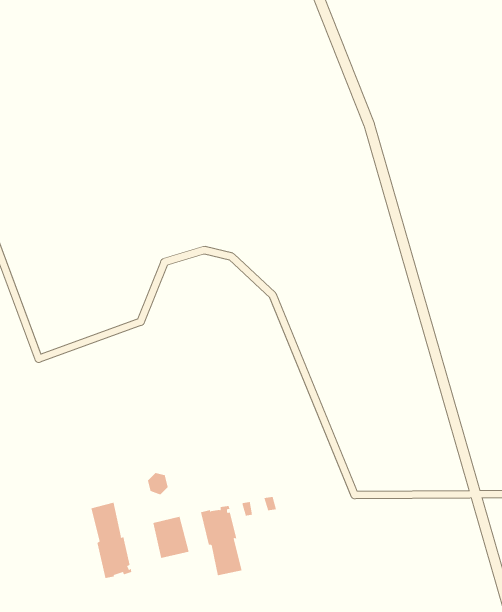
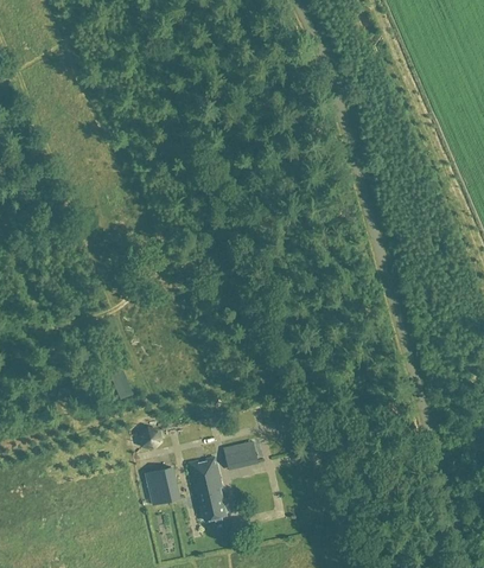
building: [91,502,132,579] -> none

